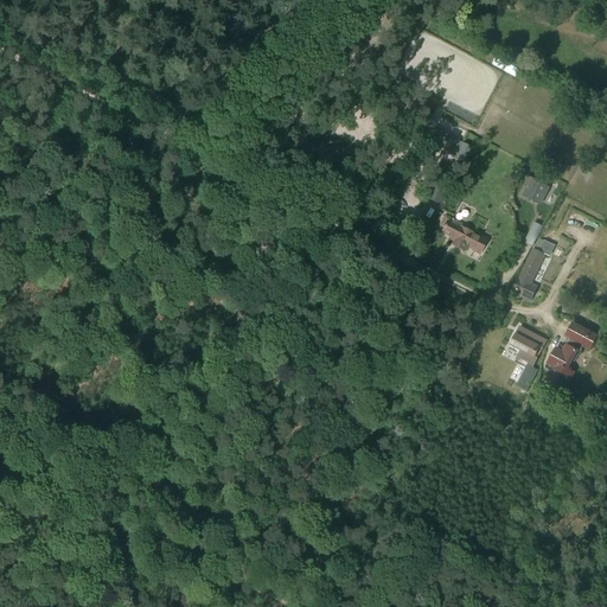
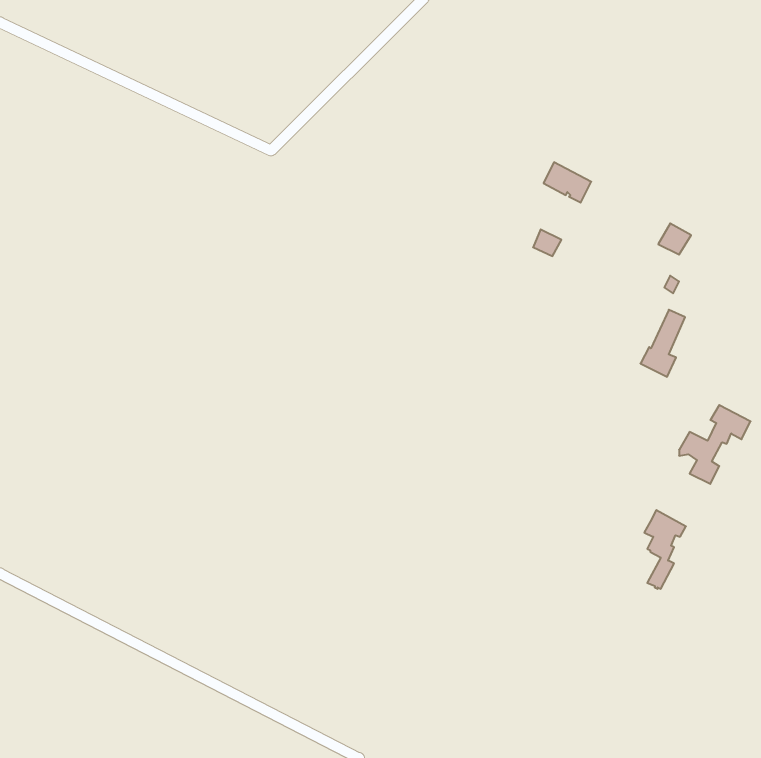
building: [440,213,487,251] -> none
building: [513,326,547,389] -> [644,510,686,589]

